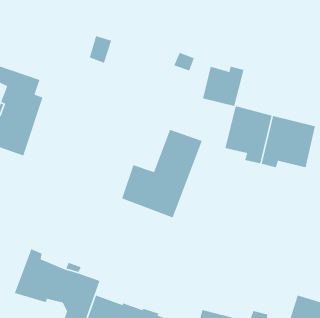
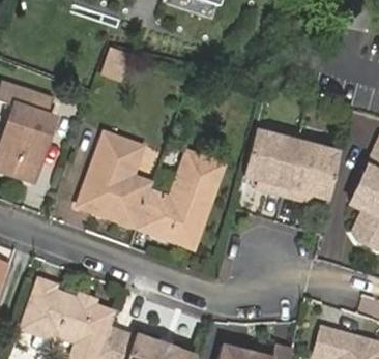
building: [202,66,245,107] -> none
building: none -> [79,132,153,225]

